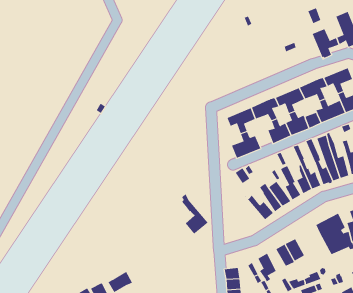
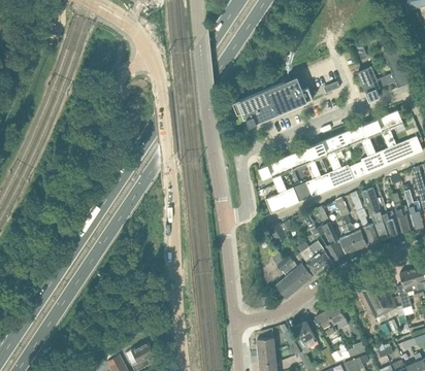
building: none -> [233,77,313,126]
building: [181,194,208,234] -> [272,251,303,298]

